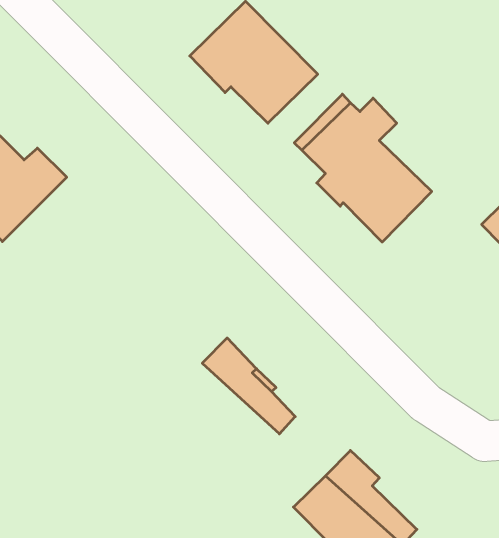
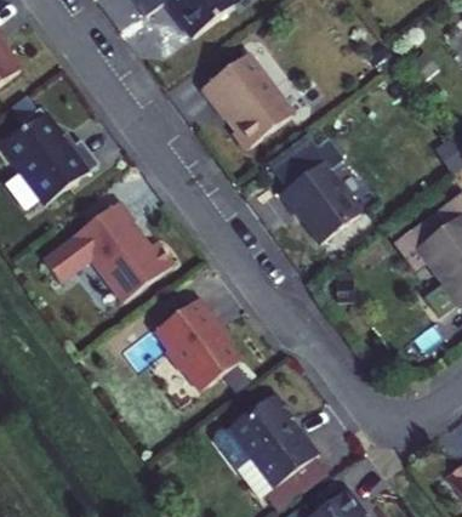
building: none -> [42,199,172,300]
building: none -> [154,312,226,391]

